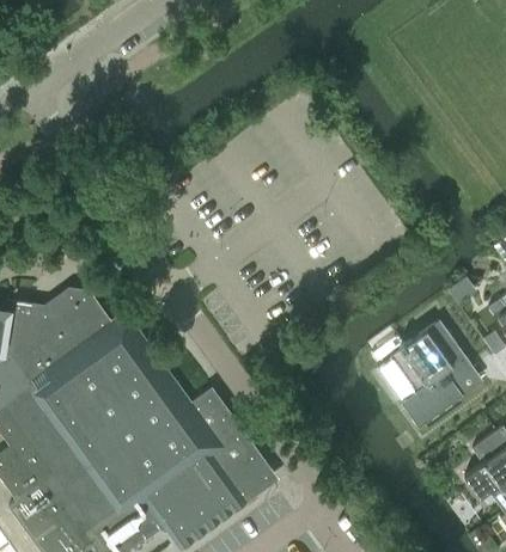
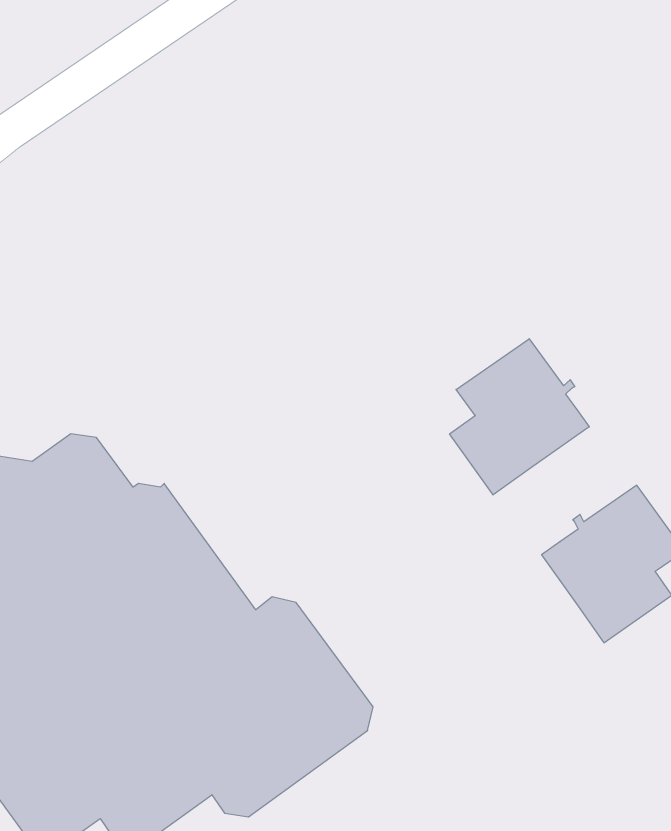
building: none -> [450,339,589,495]

